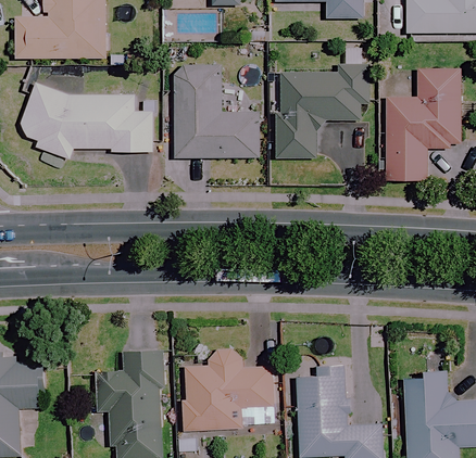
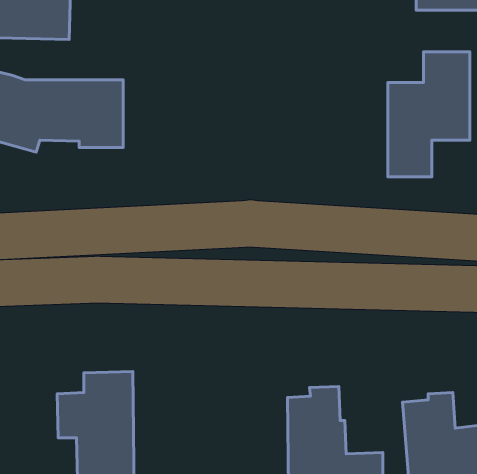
building: [272,65,374,156] -> none
building: [175,66,259,157] -> none
building: [187,343,280,425] -> none

